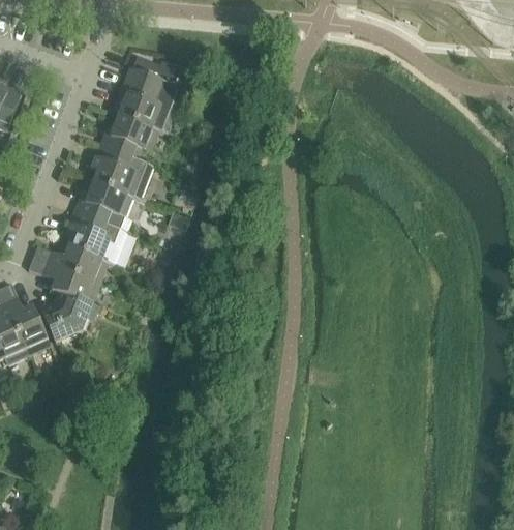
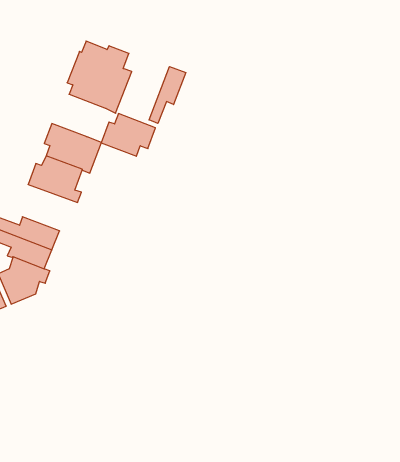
building: none -> [149,67,186,123]
building: [99,113,158,159] -> [101,114,155,156]
building: [65,211,127,263] -> none

